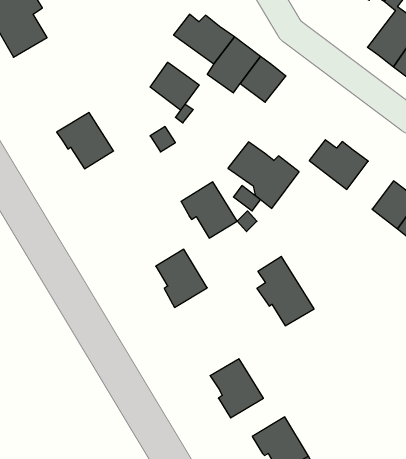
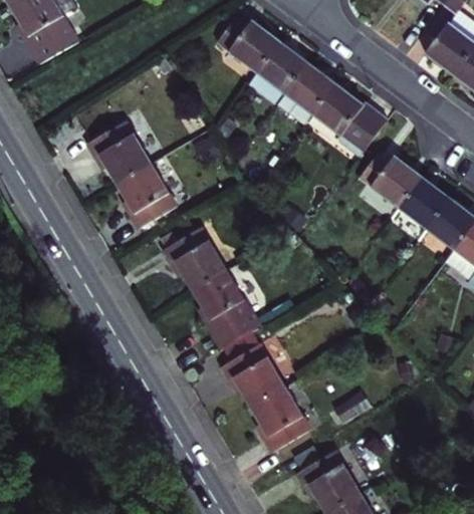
building: [150,62,199,110] -> none
building: [228,142,299,208] -> [313,85,390,157]
building: none -> [120,166,177,230]
building: none -> [401,177,451,228]
building: [181,182,237,238] -> [166,229,226,289]
building: [257,256,314,326] -> [224,332,285,407]

